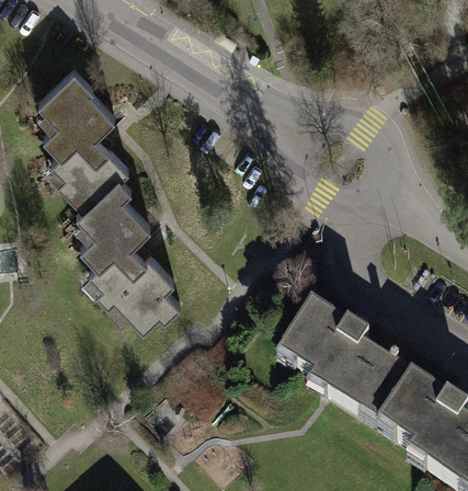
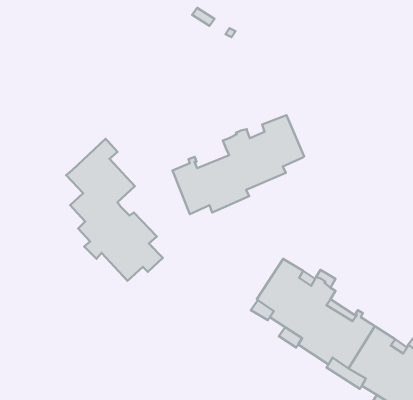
building: [37,60,127,201] -> none
building: none -> [173,115,304,214]

